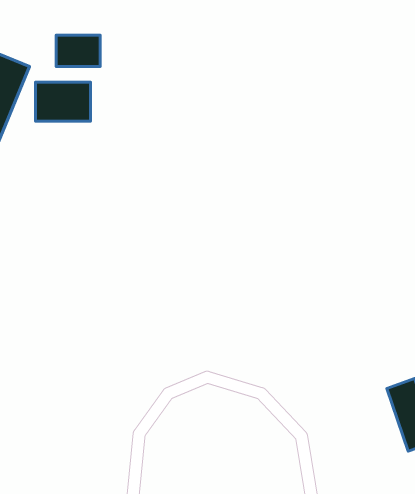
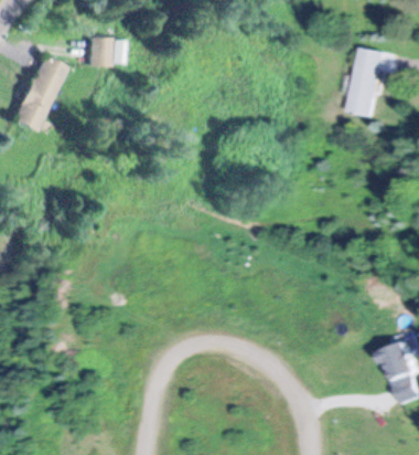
building: none -> [345,45,385,116]
building: [36,82,90,121] -> none

